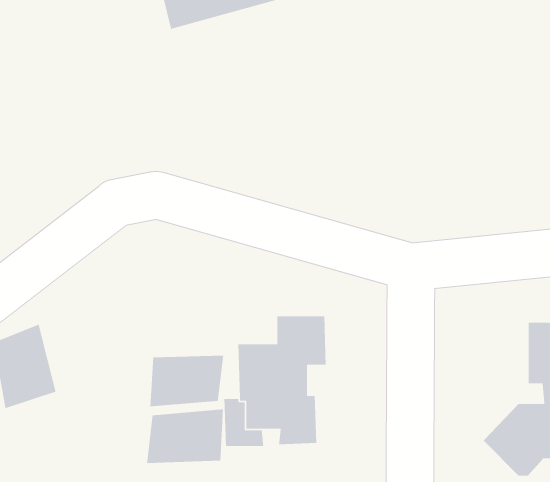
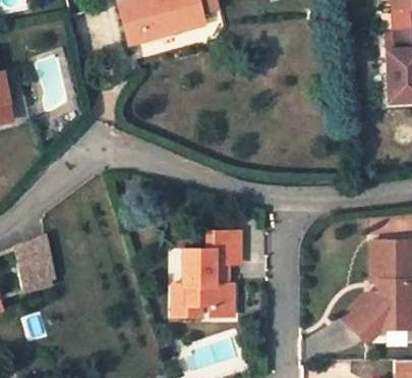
building: [150,355,224,407] -> none
building: [146,409,224,464] -> none

